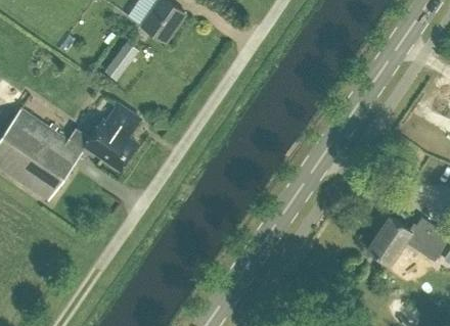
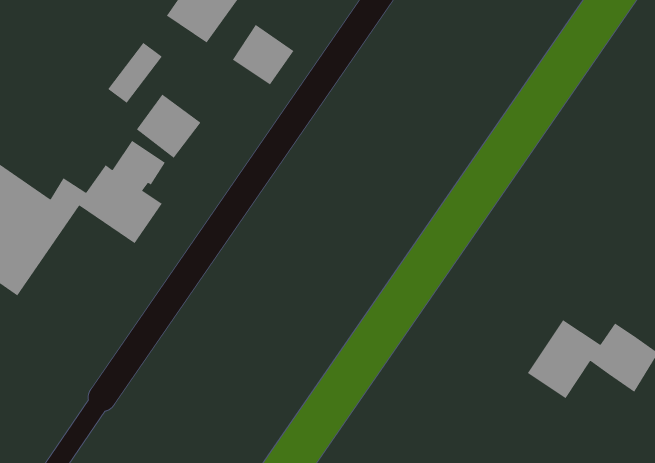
building: none -> [232,24,295,85]
building: none -> [136,94,201,159]

